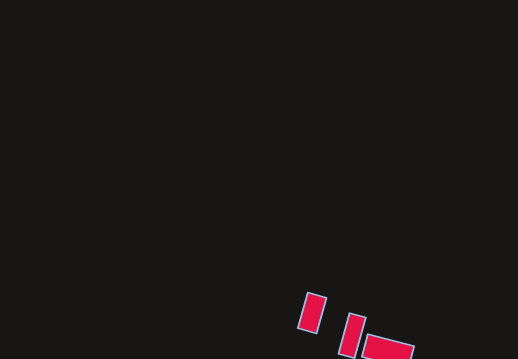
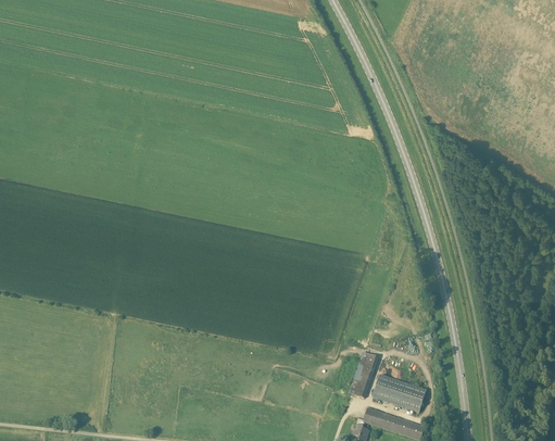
building: [298,293,326,334] -> none

